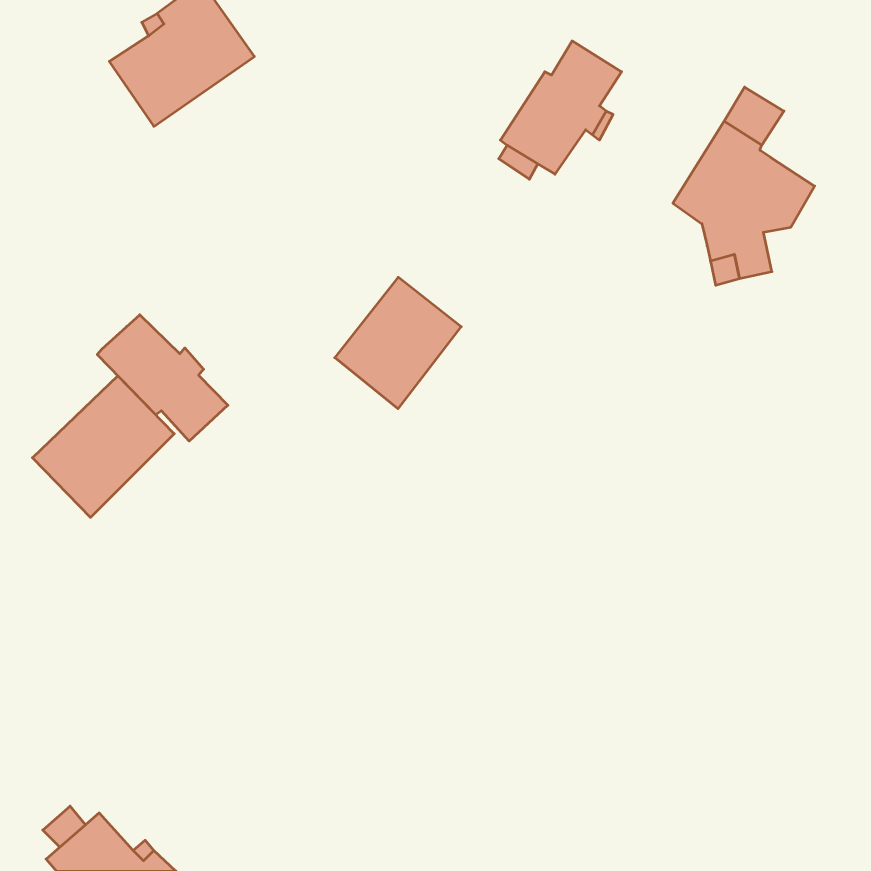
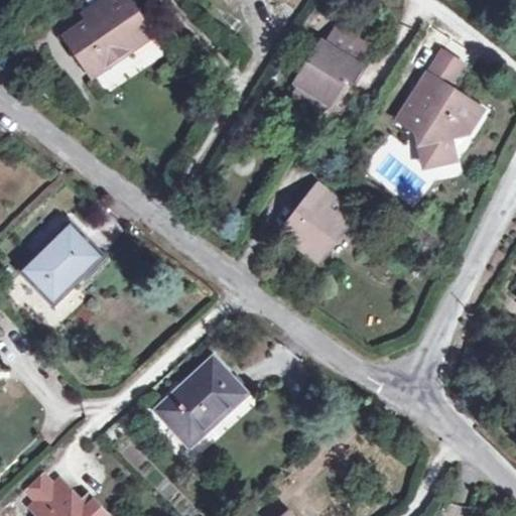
building: [335,277,461,409] -> [280,184,355,262]
building: [97,315,228,441] -> none
building: none -> [155,357,246,446]

